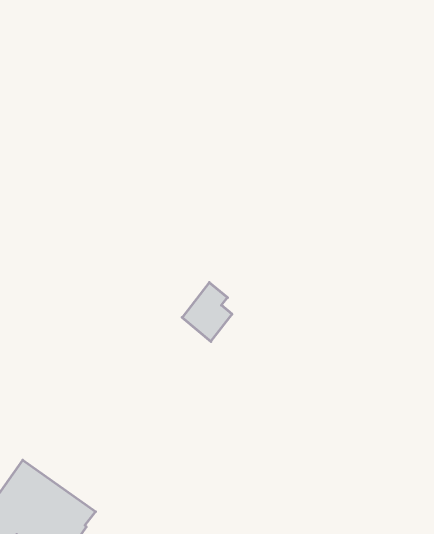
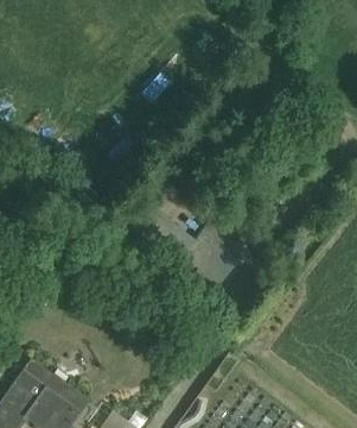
building: none -> [180,231,240,294]

